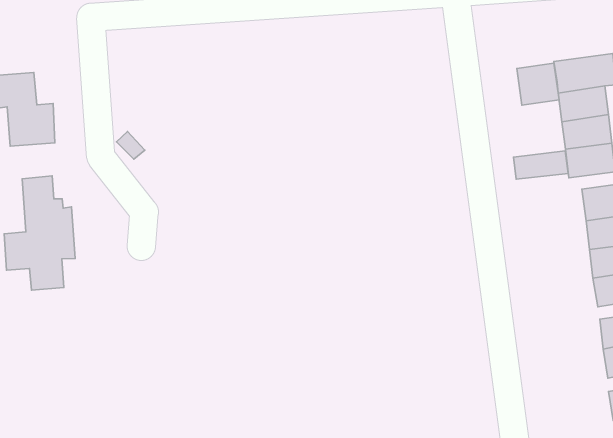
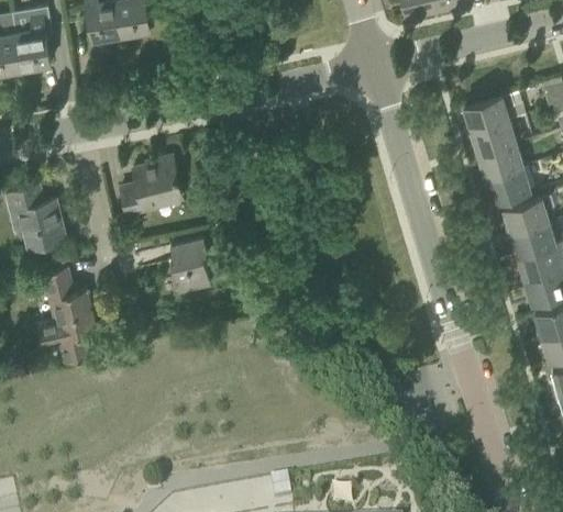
building: [517,63,559,105] -> none
building: none -> [120,154,181,212]
building: [514,151,568,179] -> none
building: none -> [169,237,210,292]

